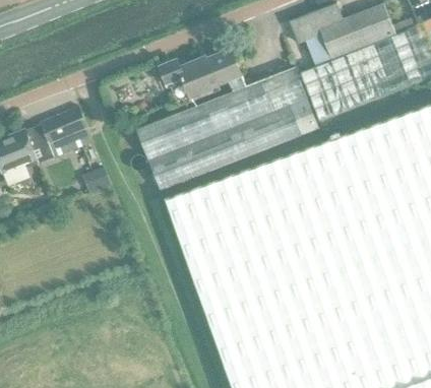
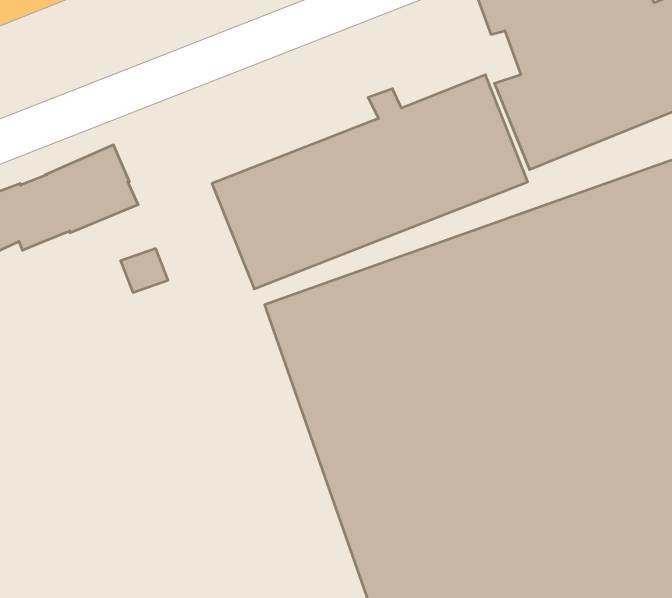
building: [160,48,241,96] -> none

